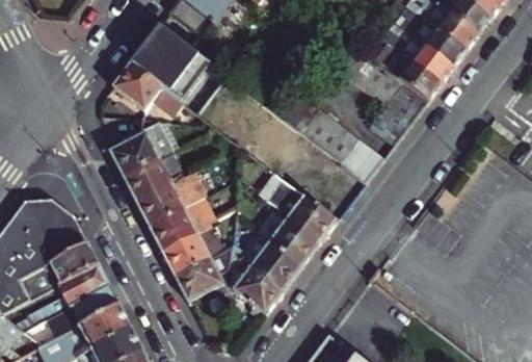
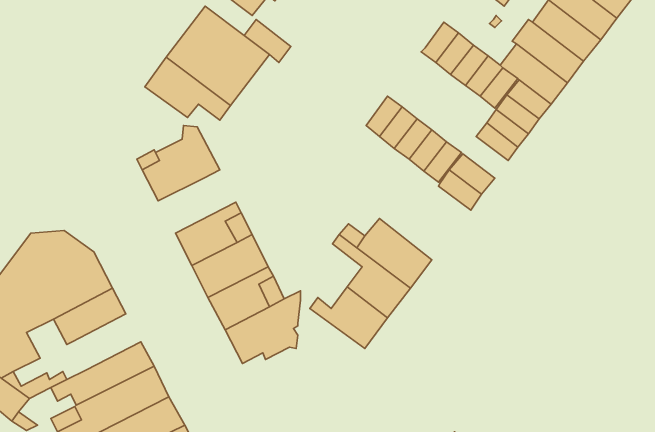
building: [124,152,184,201] -> none
building: [229,259,284,314] -> none
building: [57,263,110,307] -> none

